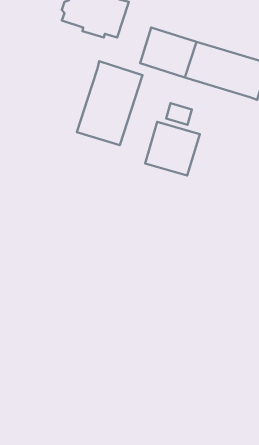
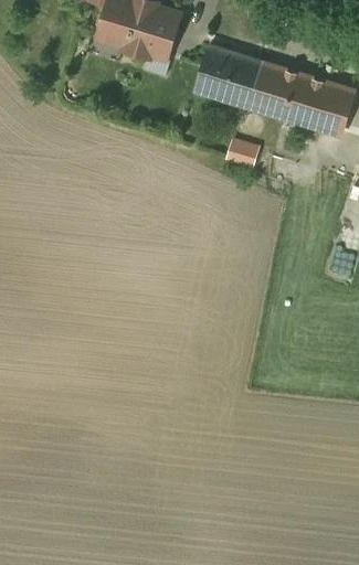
building: [77,61,143,145] -> none
building: [145,122,200,175] -> none

